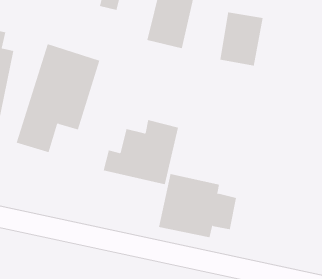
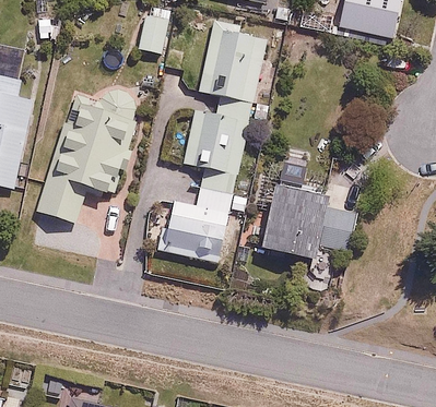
building: [220,12,263,66] -> [185,108,238,175]
building: [158,174,237,238] -> [257,184,353,263]

